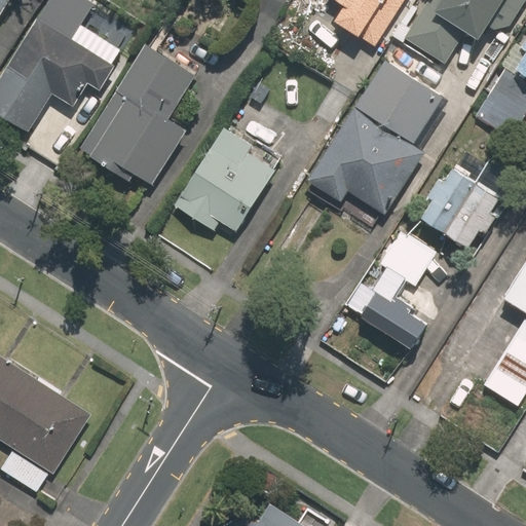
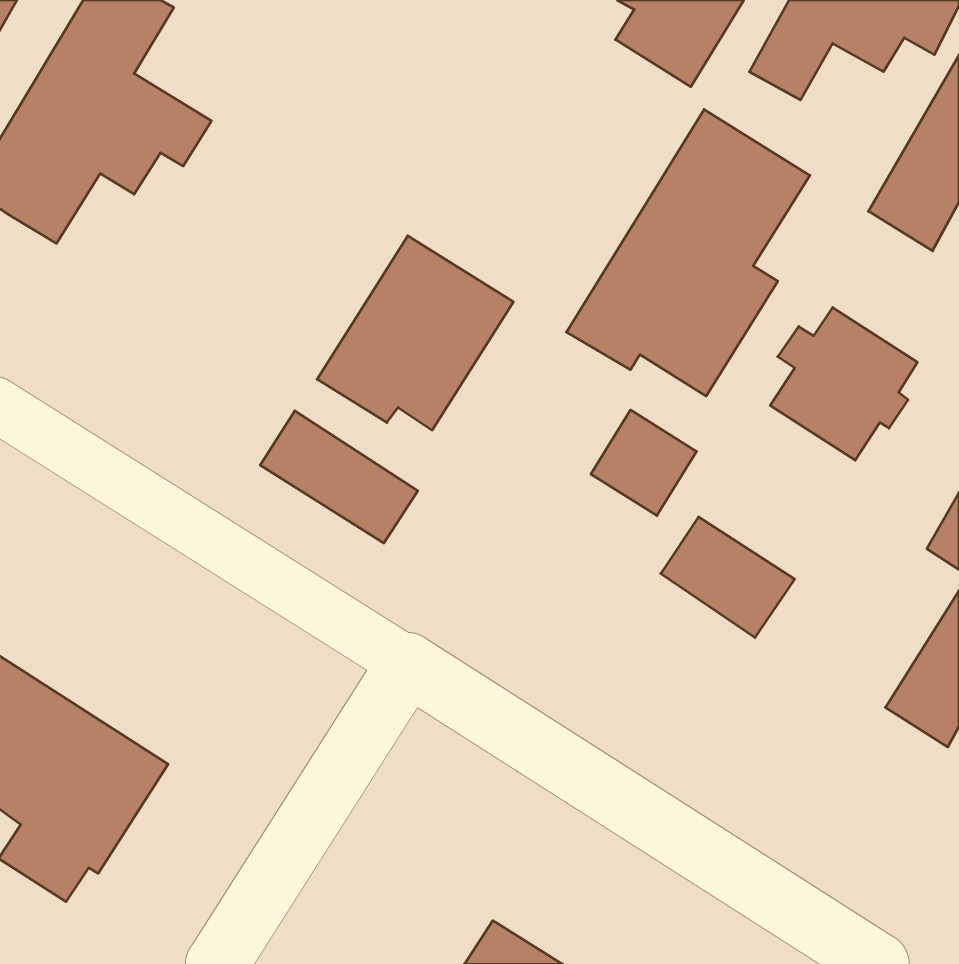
building: [78,43,196,188] -> none
building: none -> [260,411,418,543]
building: [376,229,434,287] -> [591,410,697,516]

